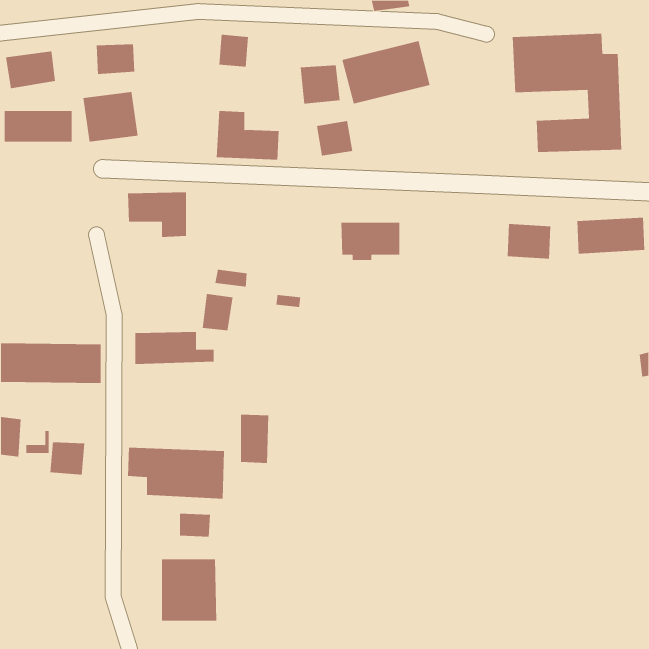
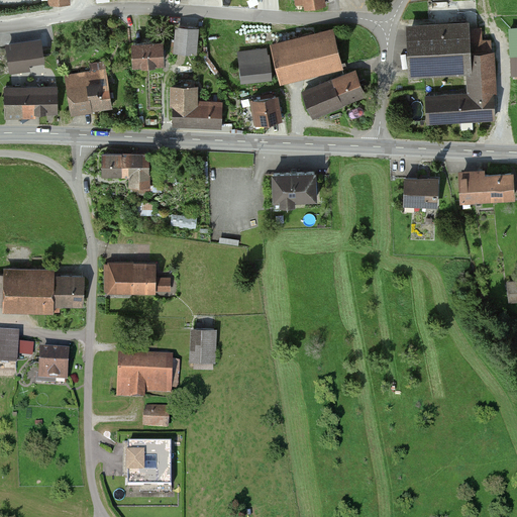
building: [96,44,135,74] -> [130,41,162,66]
building: none -> [303,71,365,117]
building: [202,293,233,331] -> none

